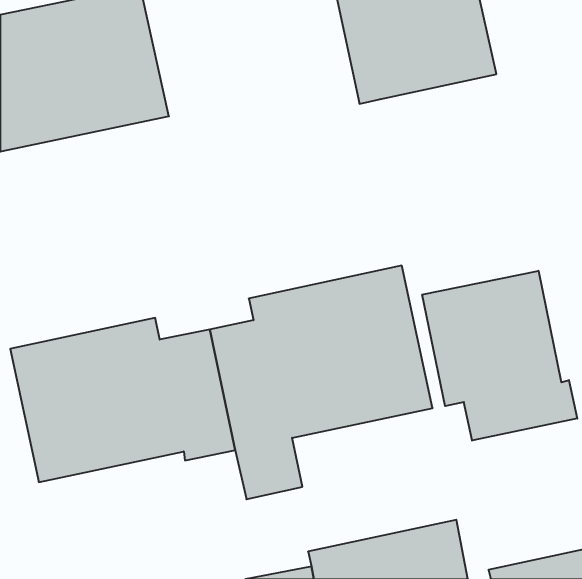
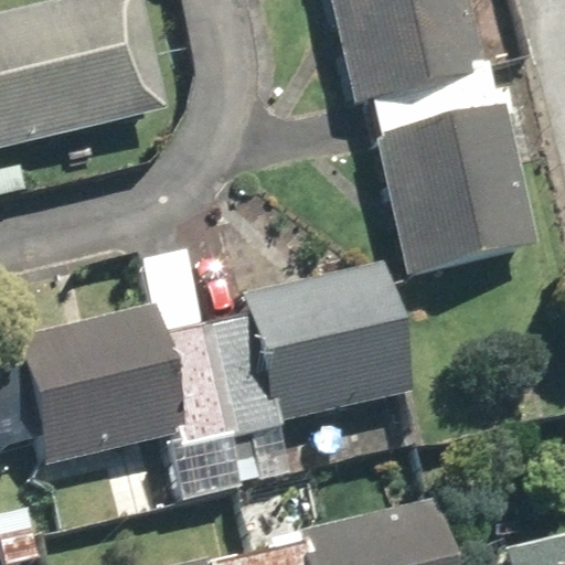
building: none -> [369,70,533,269]
building: [422,271,577,441] -> none

